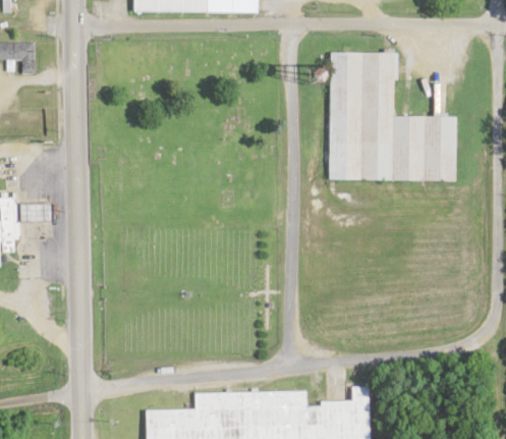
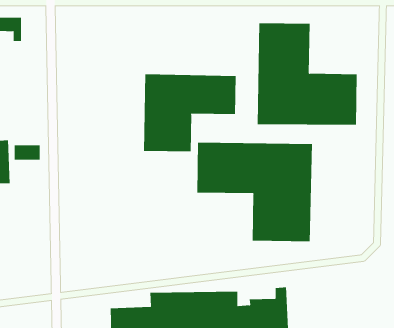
building: none -> [143,74,236,152]
building: none -> [197,142,313,242]

